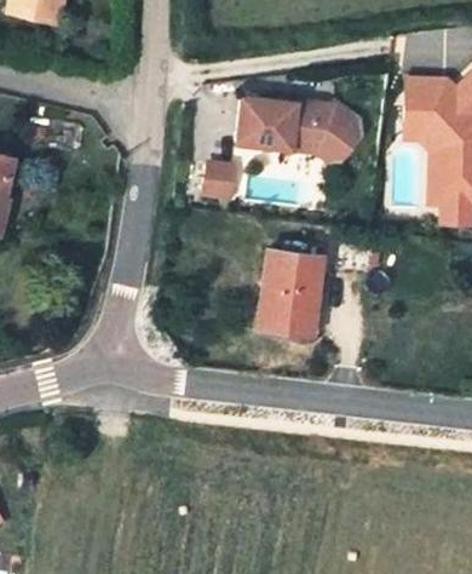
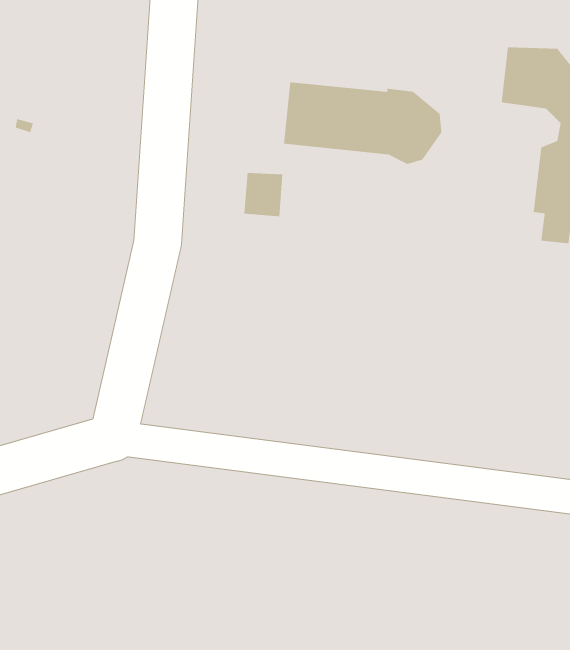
building: [403,113,450,218] -> none
building: [261,252,323,334] -> none

